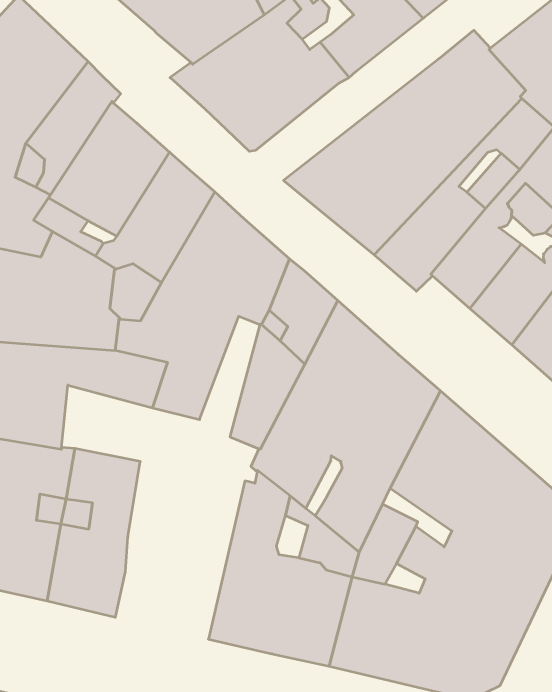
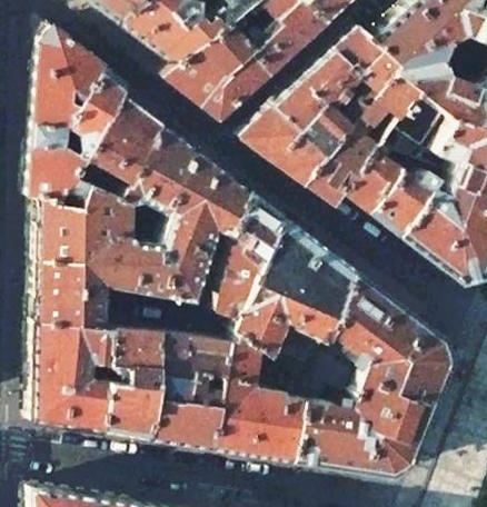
building: none -> [150,334,230,449]

